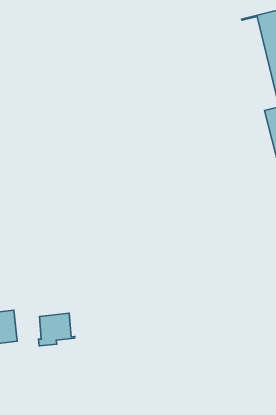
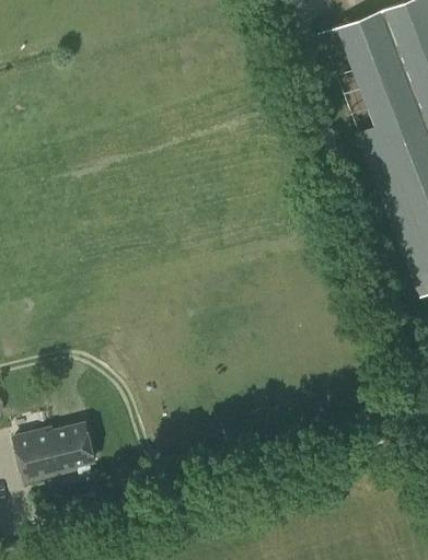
building: [39,313,75,346] -> none

